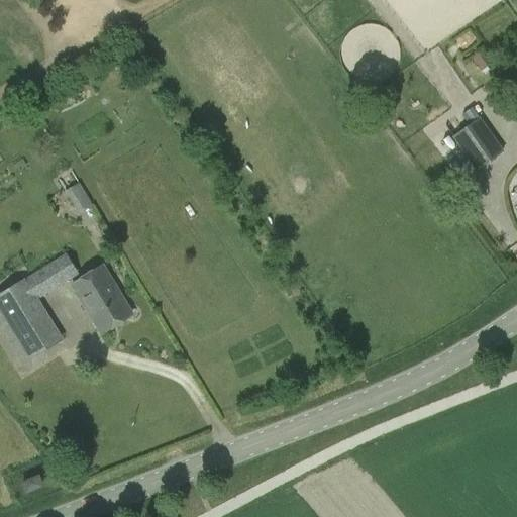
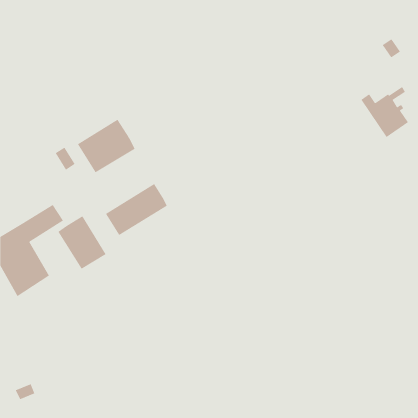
building: none -> [77,119,135,173]
building: none -> [105,183,167,236]

